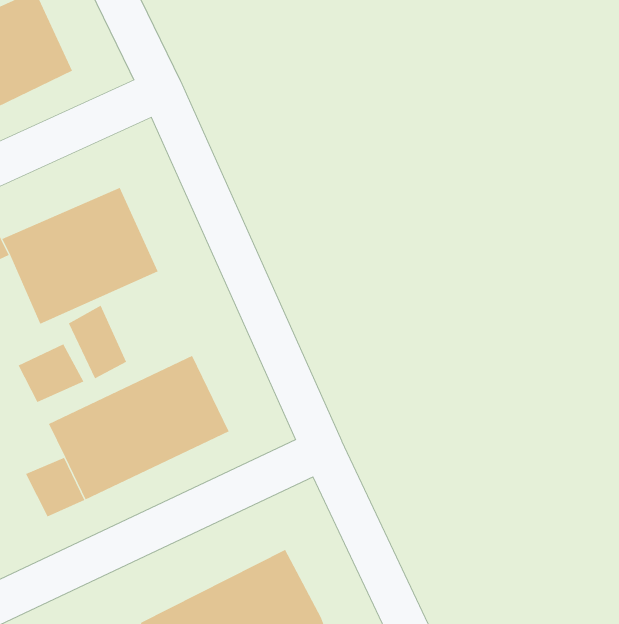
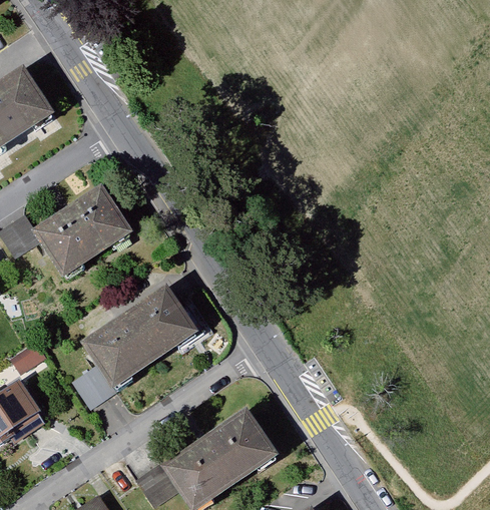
building: [68,305,127,379] -> none
building: [18,343,84,403] -> none

